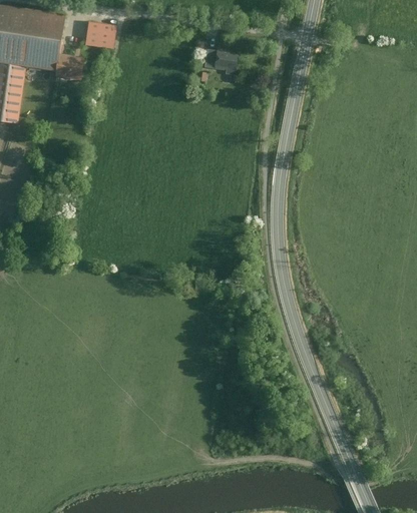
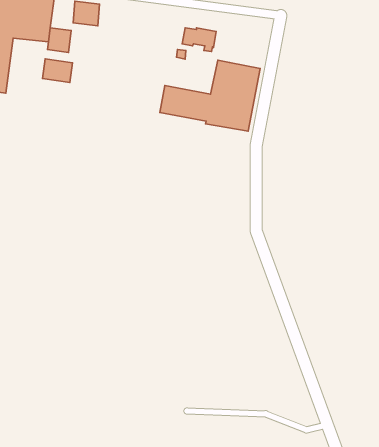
building: none -> [43,59,73,83]
building: none -> [160,60,260,131]

